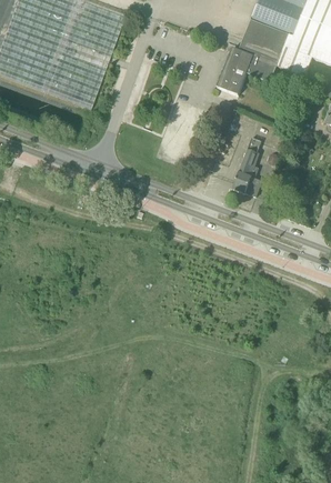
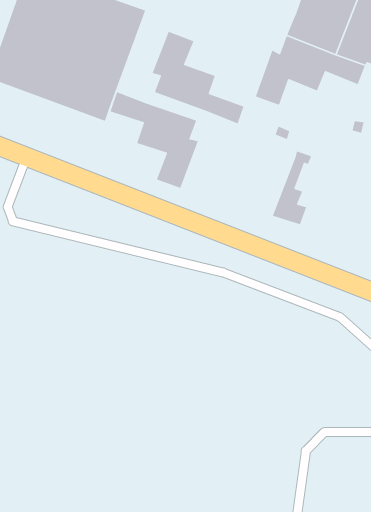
building: none -> [151,31,245,124]
building: none -> [110,91,199,189]

